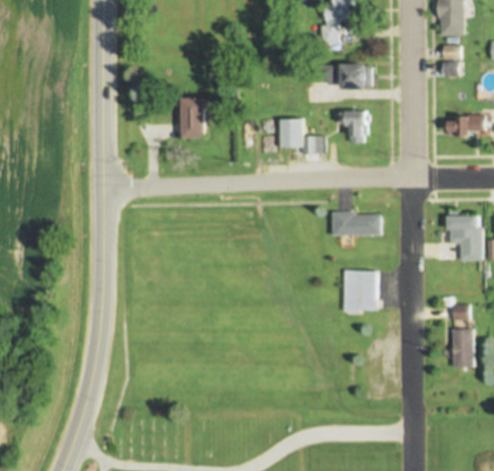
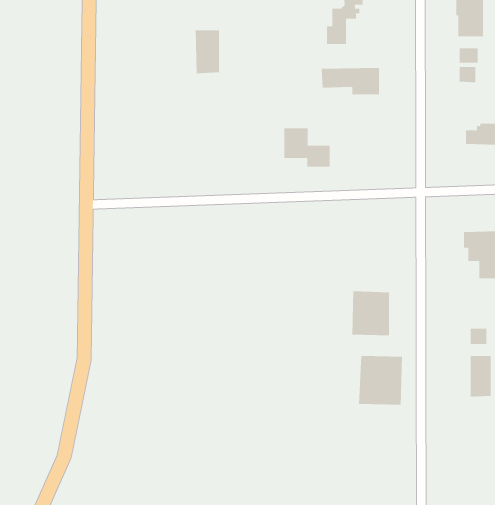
building: [183,97,206,138] -> [195,30,220,74]
building: [341,111,369,143] -> none
building: [333,211,383,236] -> none
building: none -> [358,355,402,405]

